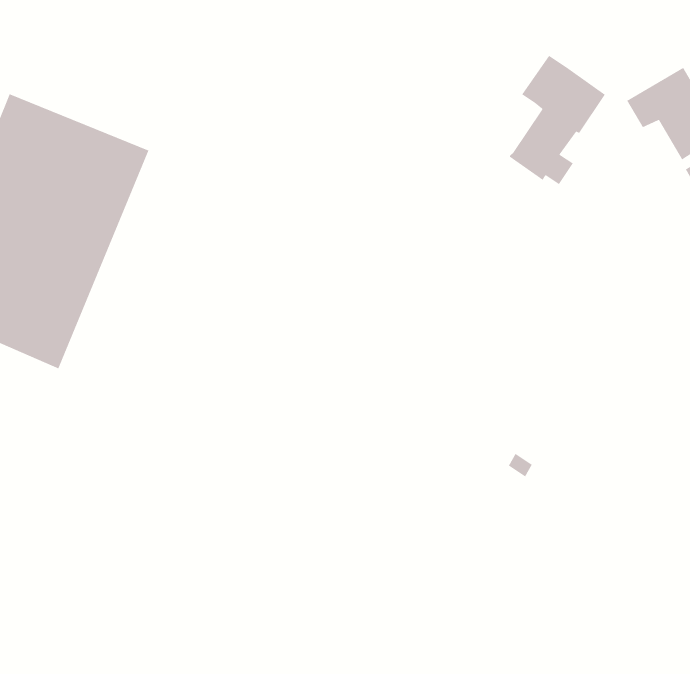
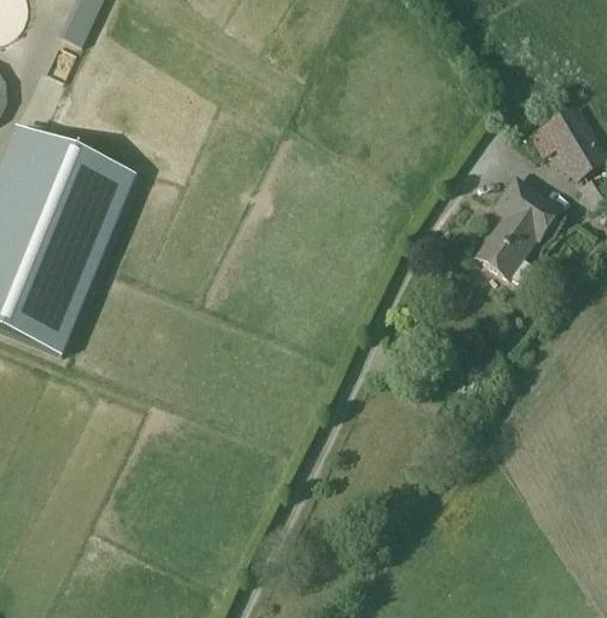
building: [509,55,606,185] -> [480,173,560,281]

